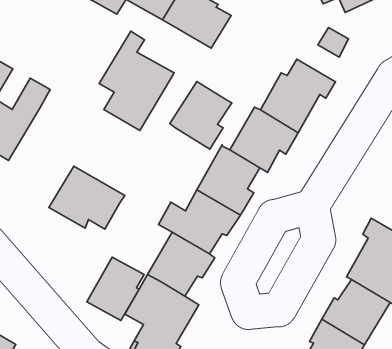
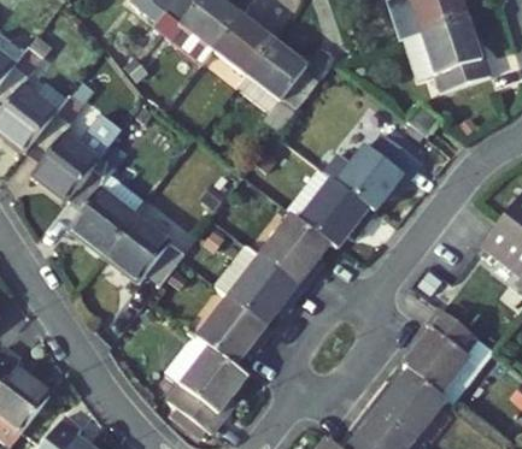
building: [99,31,174,130] -> [68,148,147,253]
building: [170,81,232,149] -> none
building: [87,257,144,321] -> none

